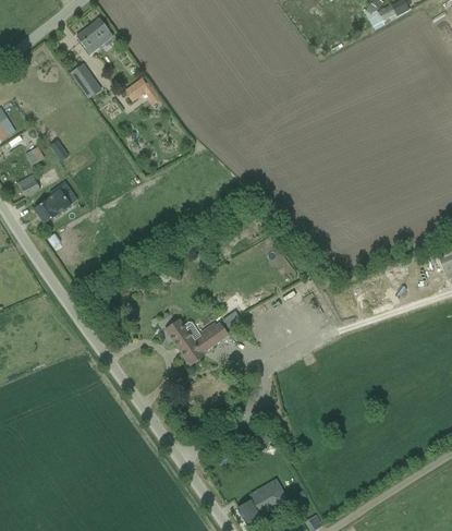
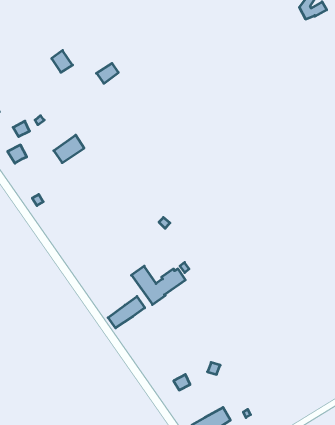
building: [78,16,112,52] -> none
building: [35,189,71,221] -> [54,135,84,163]
building: none -> [108,296,145,328]

